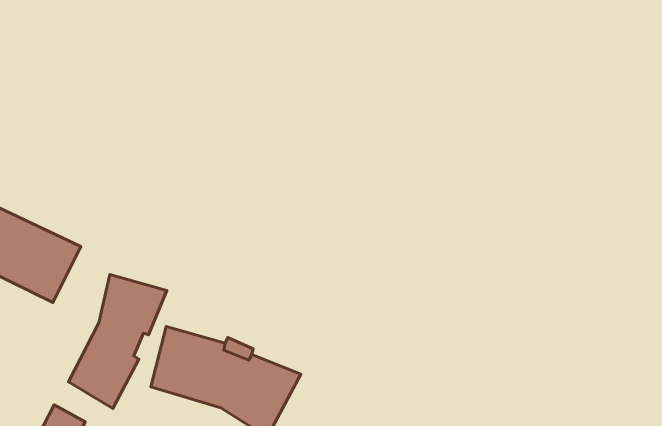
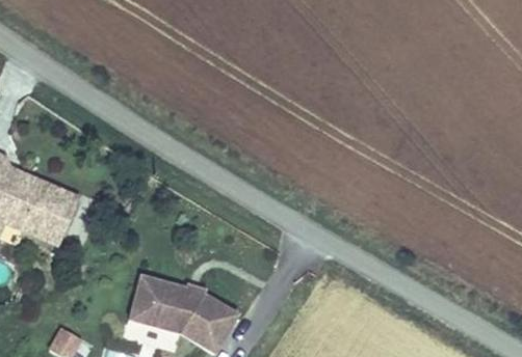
building: [68,274,167,408] -> none

